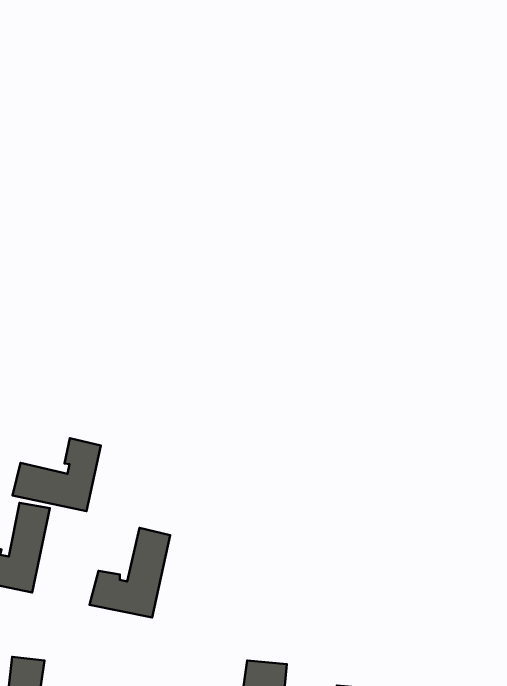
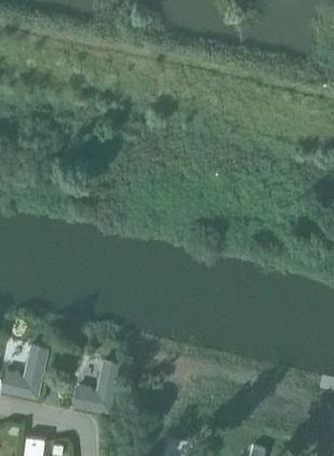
building: [13,438,101,511] -> none

